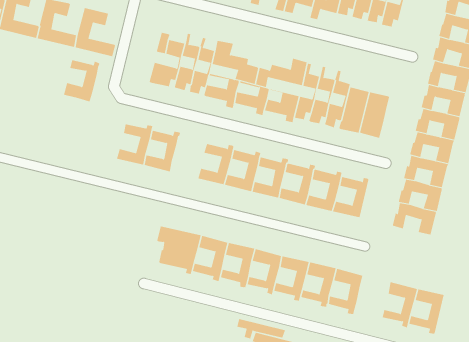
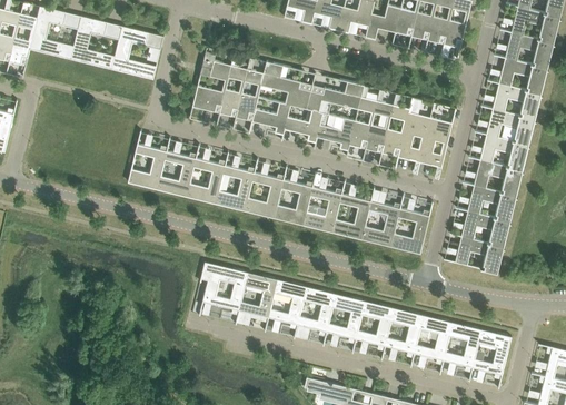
building: [63,60,100,102] -> [128,145,168,190]
building: none -> [216,166,256,211]
building: none -> [415,316,453,365]

